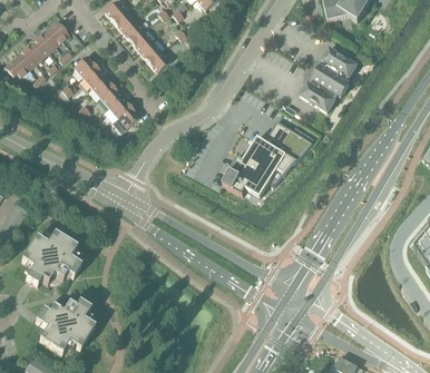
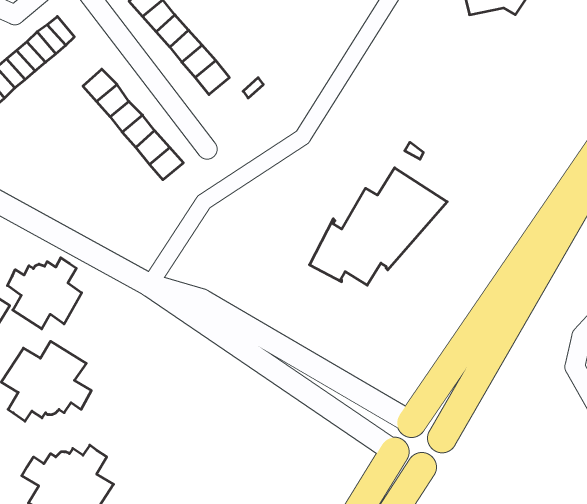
building: [300,47,356,110] -> none
building: none -> [7,258,82,329]

